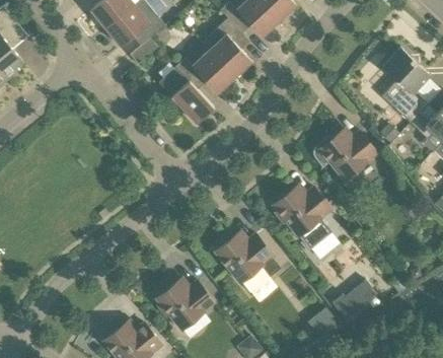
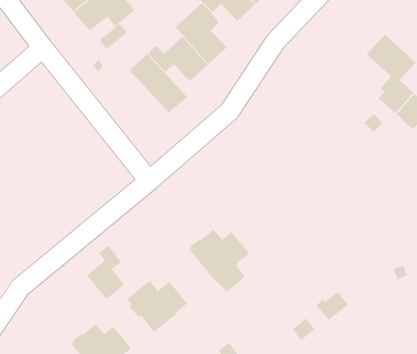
building: [312,130,377,180] -> none
building: [273,187,331,248] -> none
building: none -> [86,245,125,300]

